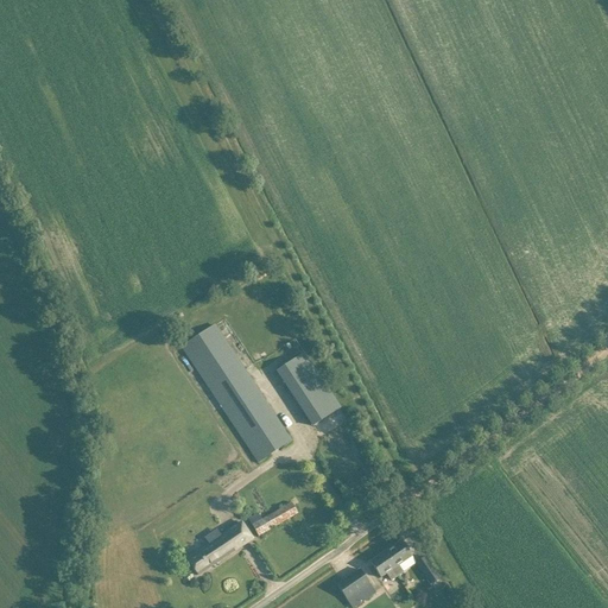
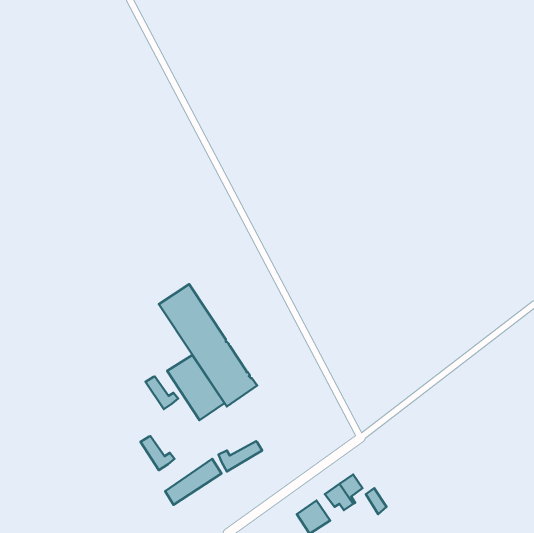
building: [276,352,341,425] -> [167,355,225,420]
building: none -> [146,376,178,409]
building: none -> [141,436,174,470]

